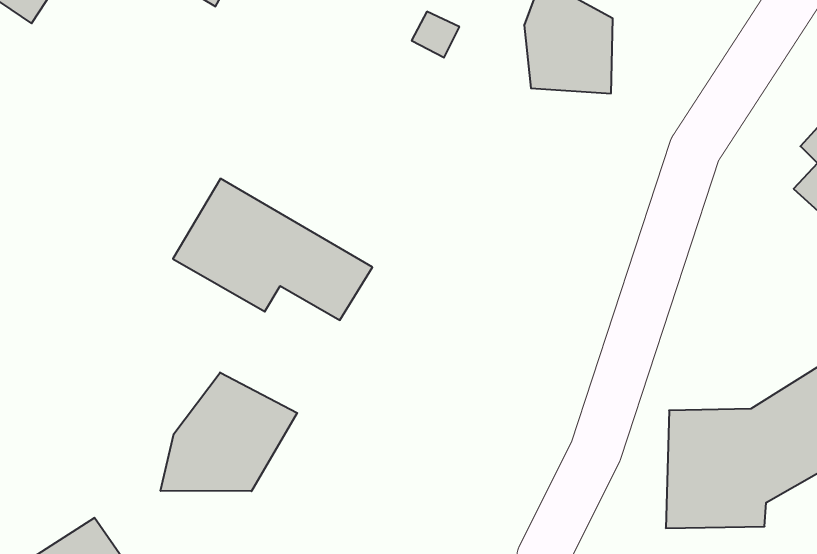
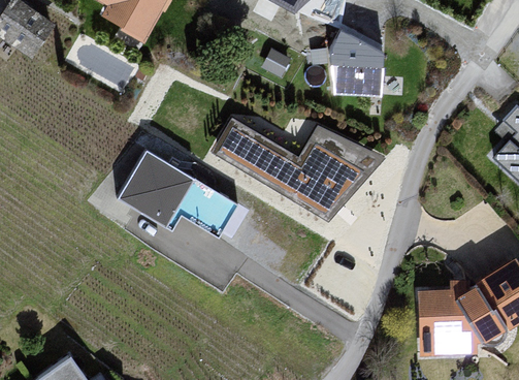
building: none -> [213,116,386,220]
building: [161,372,297,491] -> none

